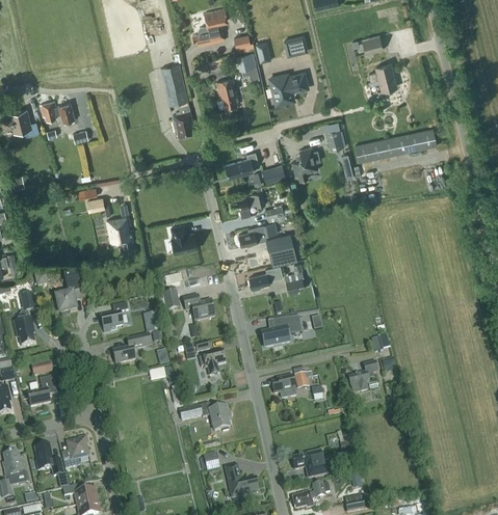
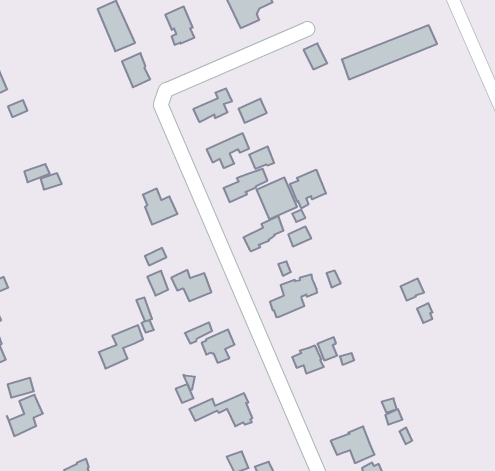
building: [291,144,319,179] -> none
building: [107,215,133,251] -> none
building: none -> [290,170,326,208]
building: [55,276,80,313] -> none
building: [100,303,128,332] -> none
building: [348,361,378,392] -> none

